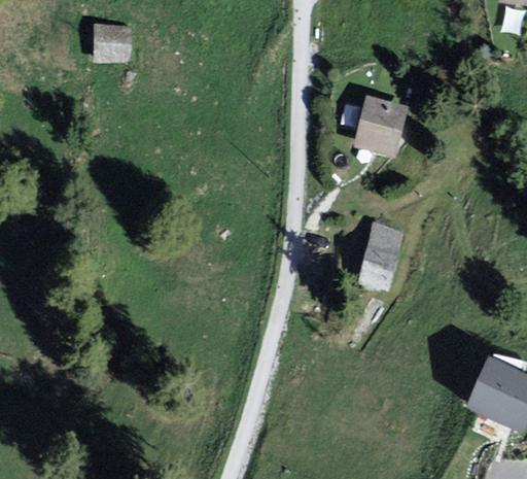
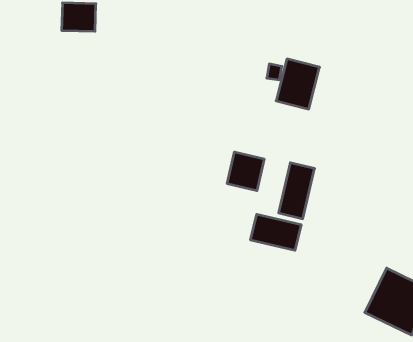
building: none -> [227,152,264,191]
building: none -> [251,214,301,250]

